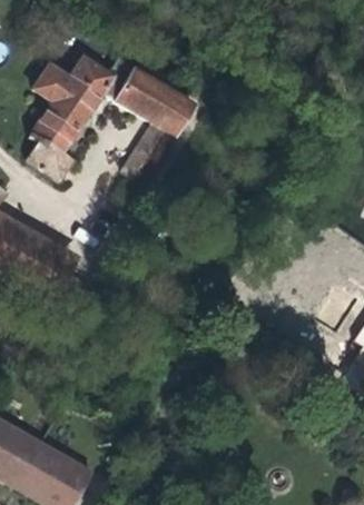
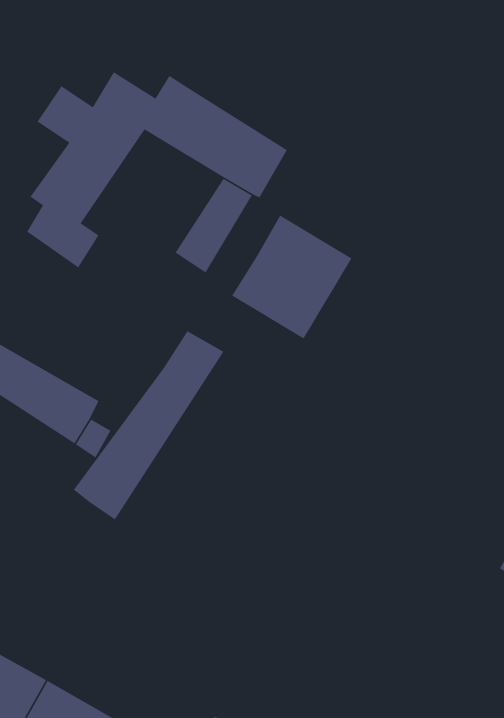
building: none -> [231,215,353,340]
building: none -> [73,330,224,521]

